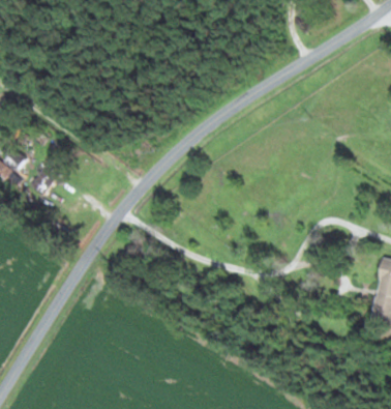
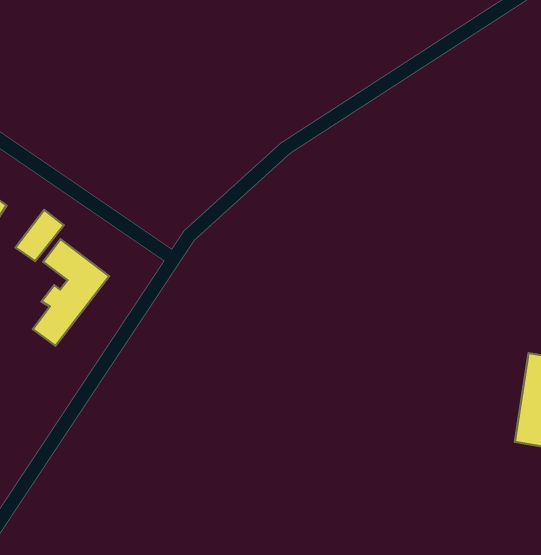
building: none -> [33,239,109,346]

